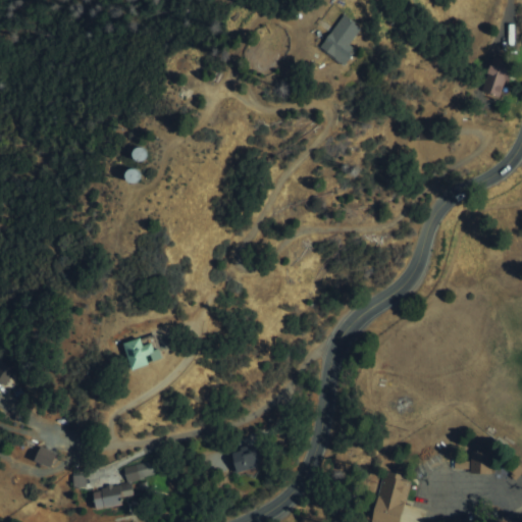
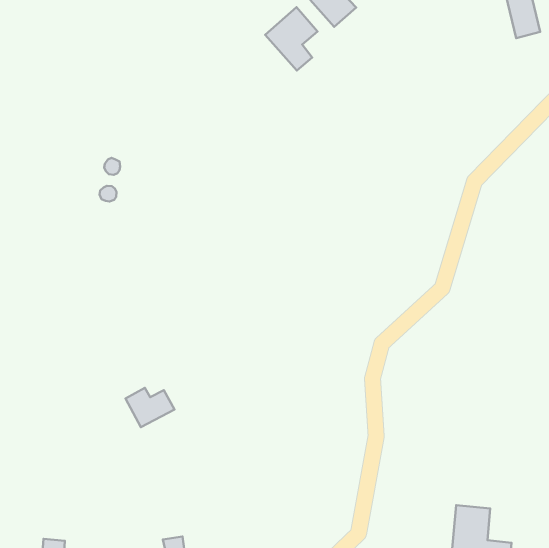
building: none -> [265,7,317,70]
building: [232,446,258,477] -> none

